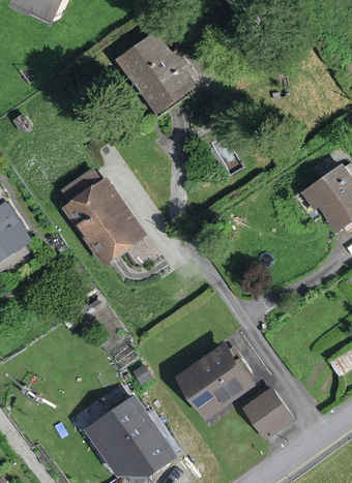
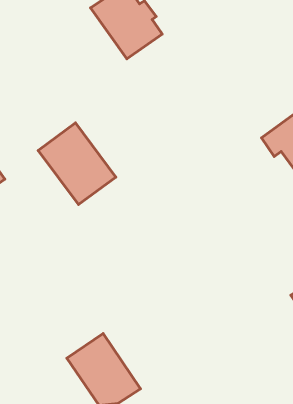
building: [177,343,254,418] -> none
building: [244,390,289,436] -> none

